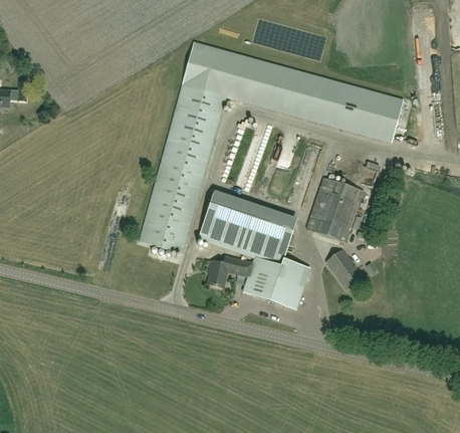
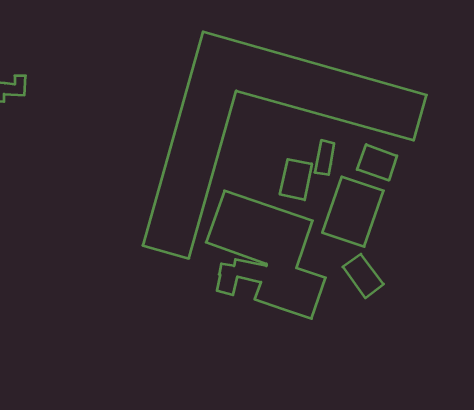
building: none -> [357,144,397,180]
building: none -> [280,159,312,200]

